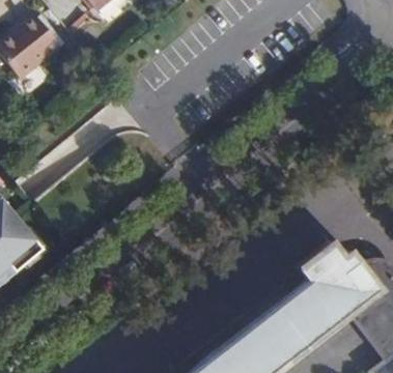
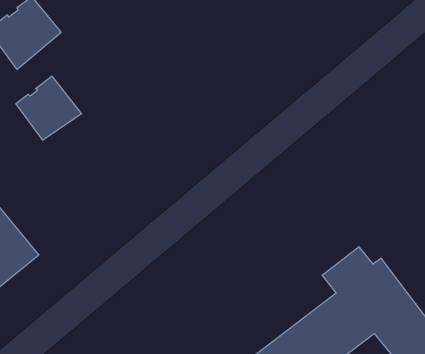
building: none -> [16,76,82,140]

